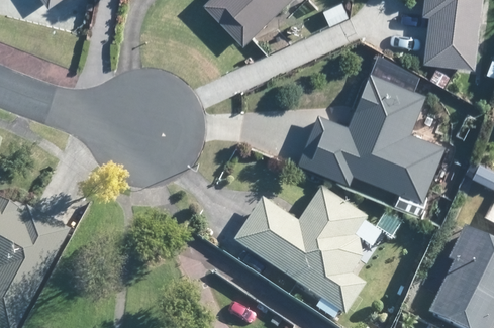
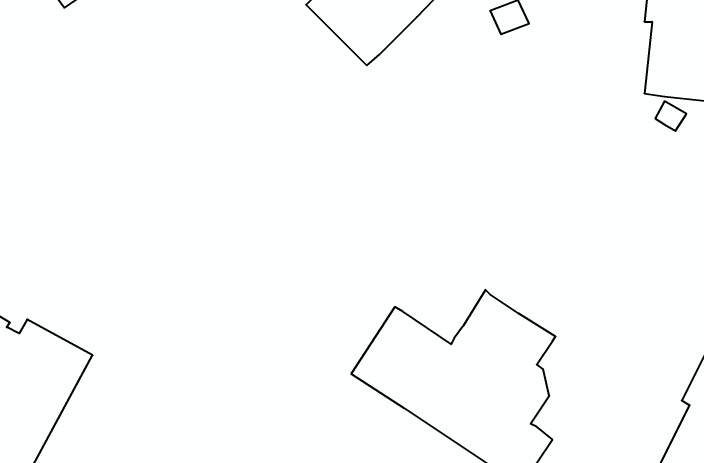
building: [298,73,443,202] -> none

